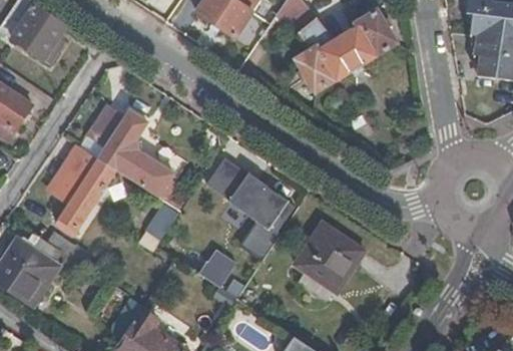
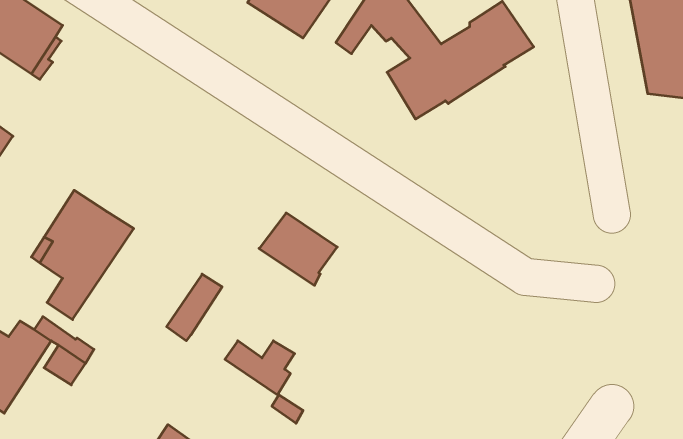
building: [88,102,172,198] -> none
building: [242,184,293,259] -> none
building: [295,223,366,293] -> none

